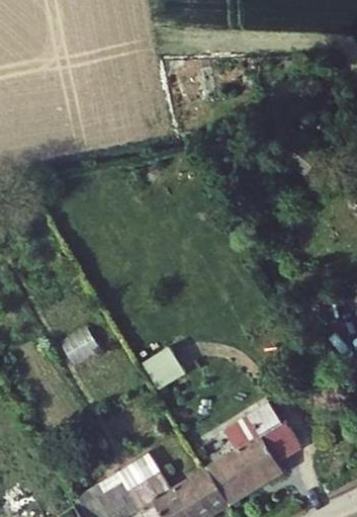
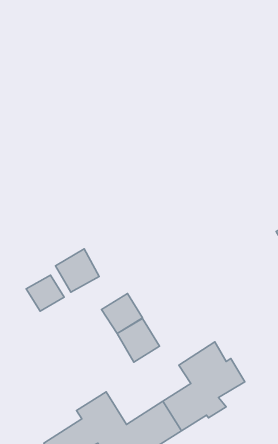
building: none -> [56,249,99,292]
building: none -> [117,318,160,362]

